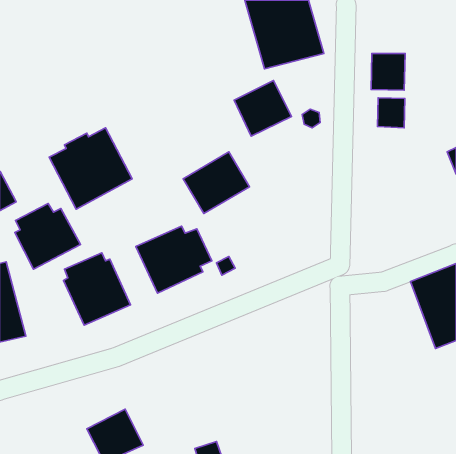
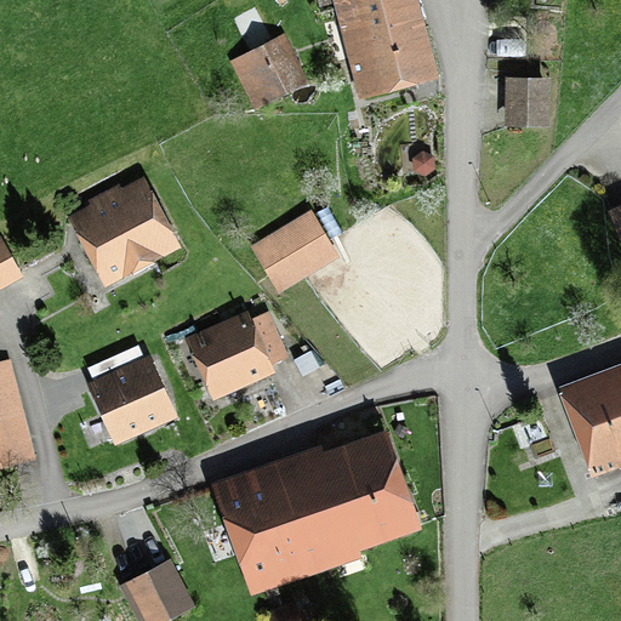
building: [234,81,291,136] -> [229,35,307,110]
building: [377,98,405,128] -> none
building: [15,204,80,269] -> none
building: none -> [210,428,421,596]

